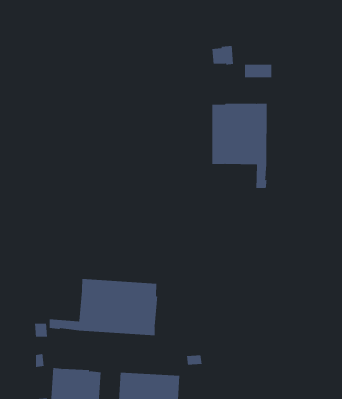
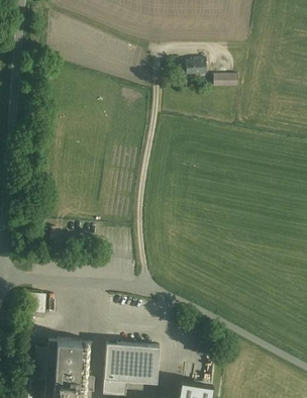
building: [212,103,267,189] -> none
building: [49,278,158,336] -> none

